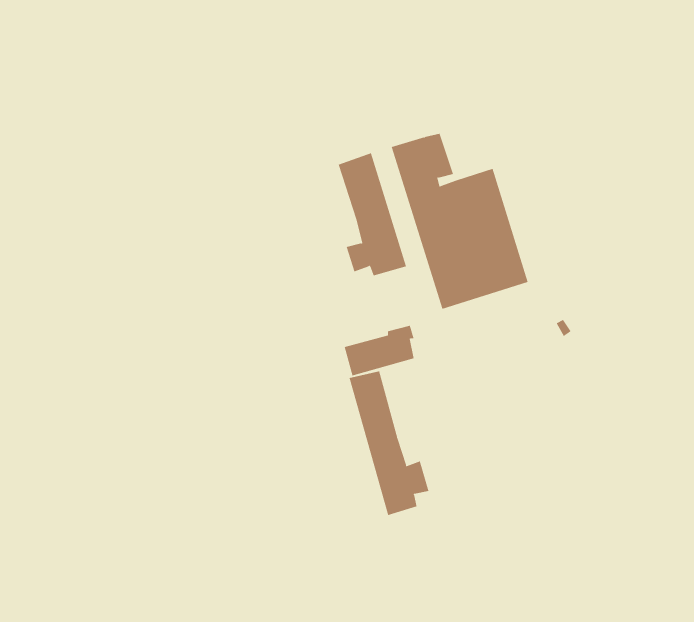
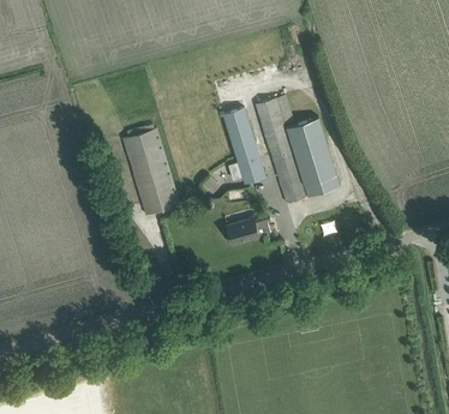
building: none -> [124,125,180,215]
building: [349,371,429,516] -> none

